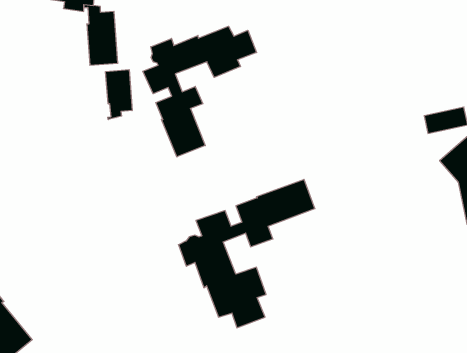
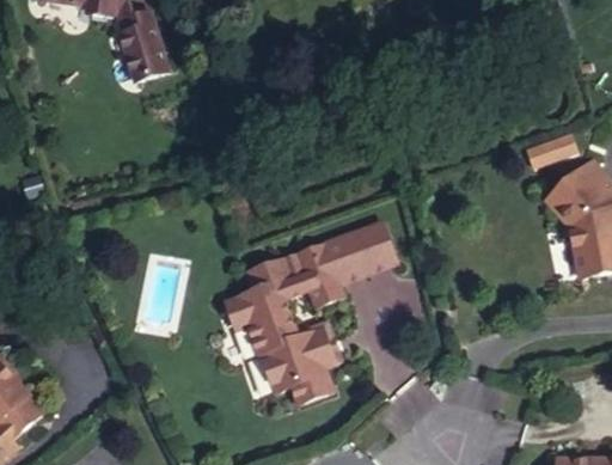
building: [143,26,257,157] -> none
building: [106,70,132,120] -> none

